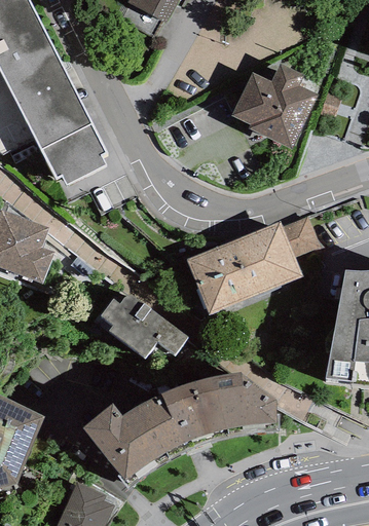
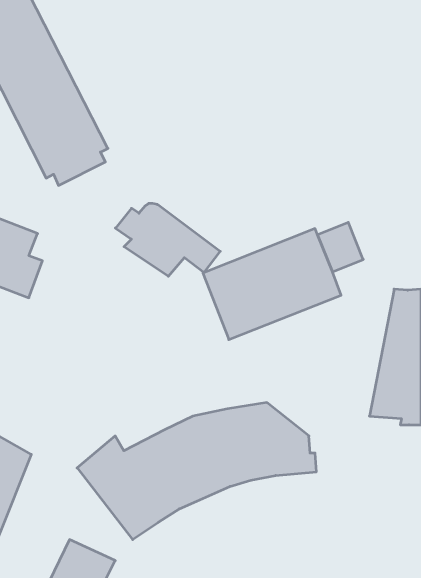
building: [231,66,317,151] -> none
building: [100,293,187,353] -> [115,203,220,276]

